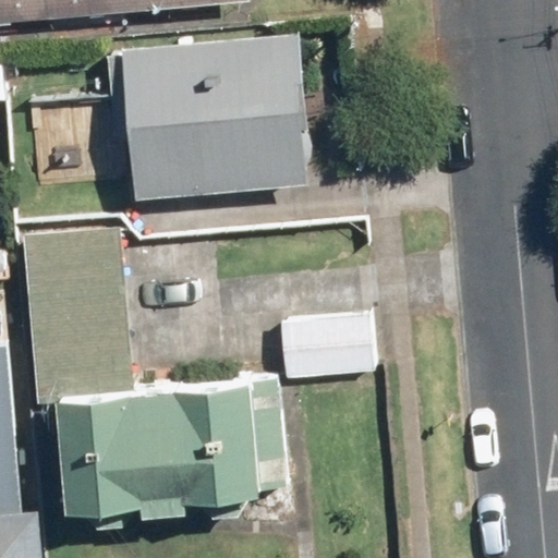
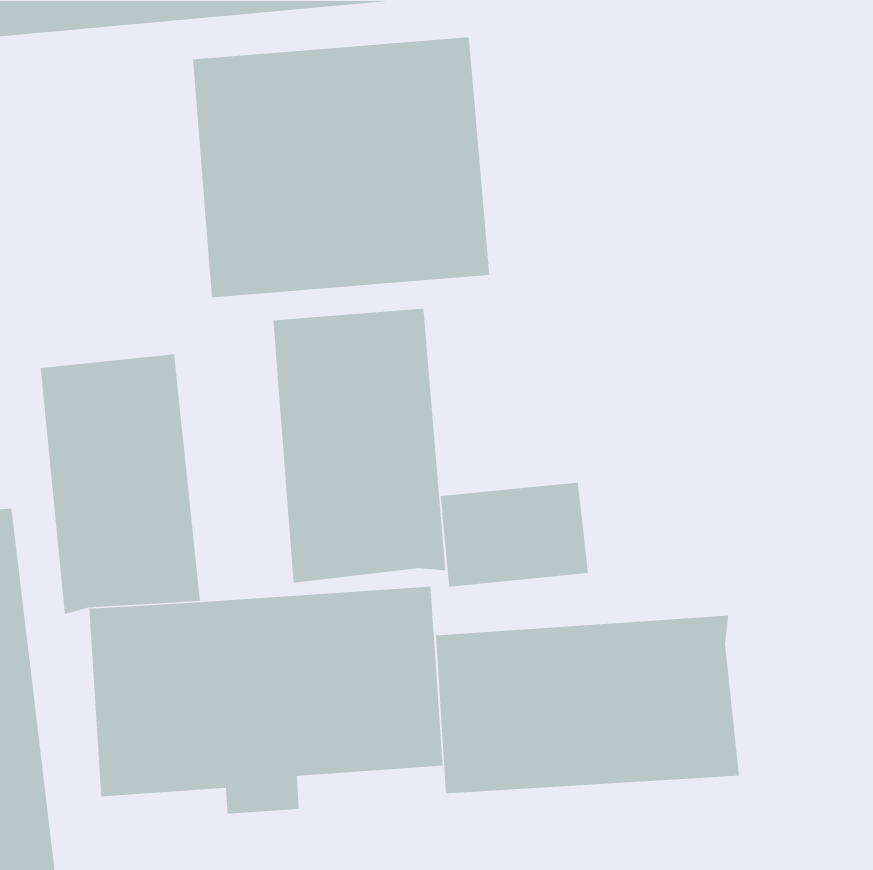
building: none -> [272,308,446,584]
building: none -> [435,615,740,794]

